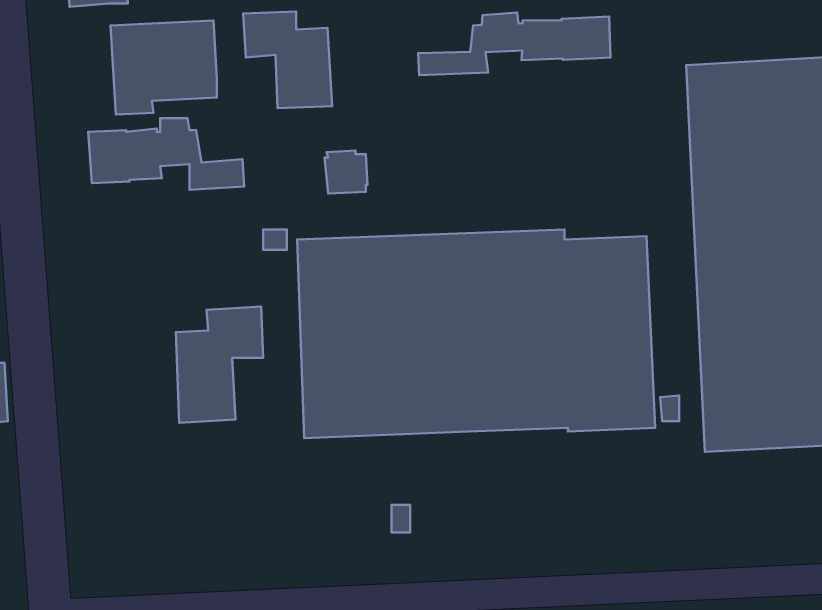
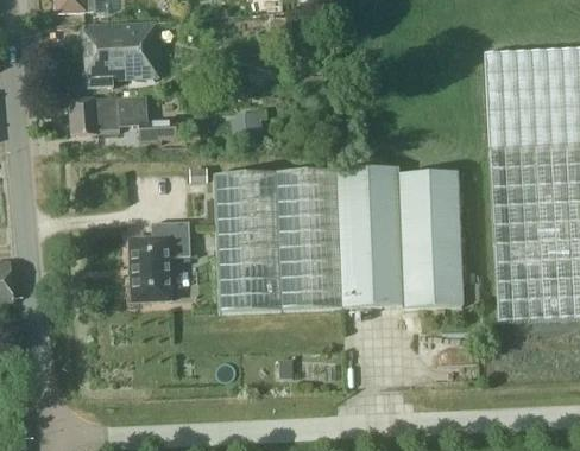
building: [243,12,332,108] -> none
building: [418,13,610,75] -> none

